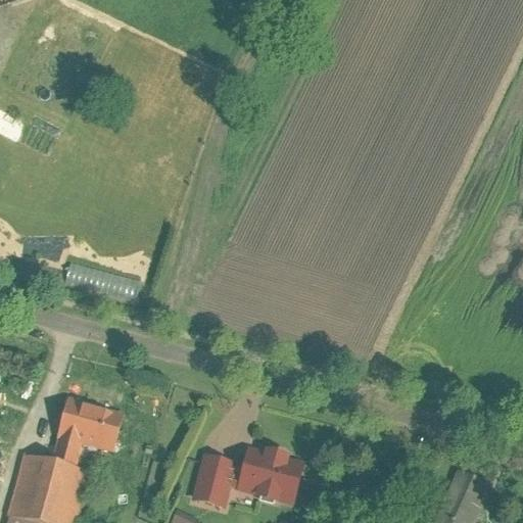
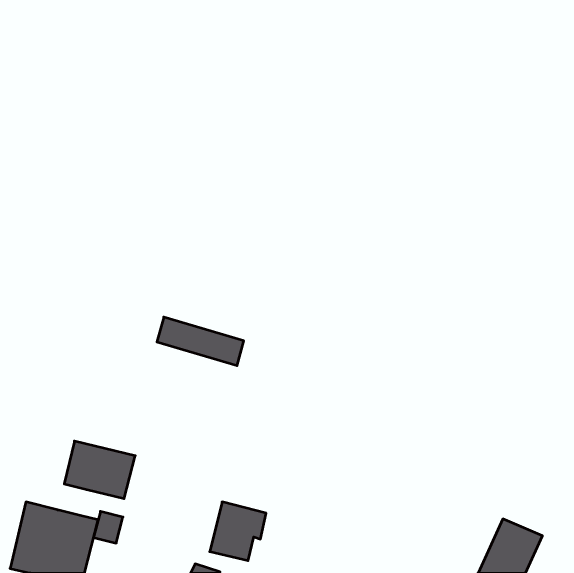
building: [60,258,139,302] -> [157,317,244,366]
building: [52,438,79,467] -> [94,511,123,543]
building: [236,448,304,504] -> none

